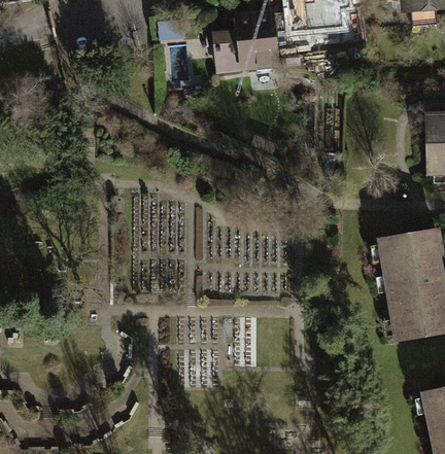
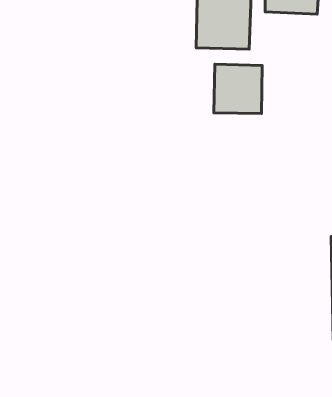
building: none -> [214,64,262,113]

